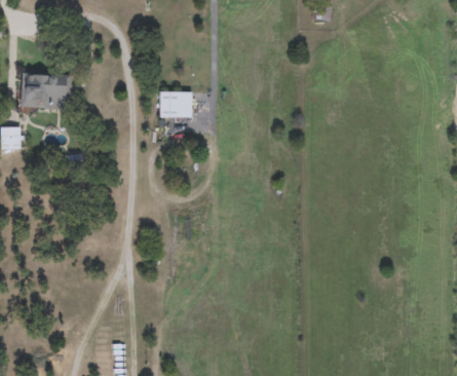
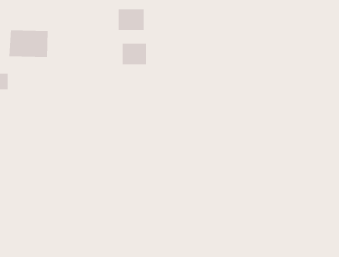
building: none -> [118,9,144,31]

